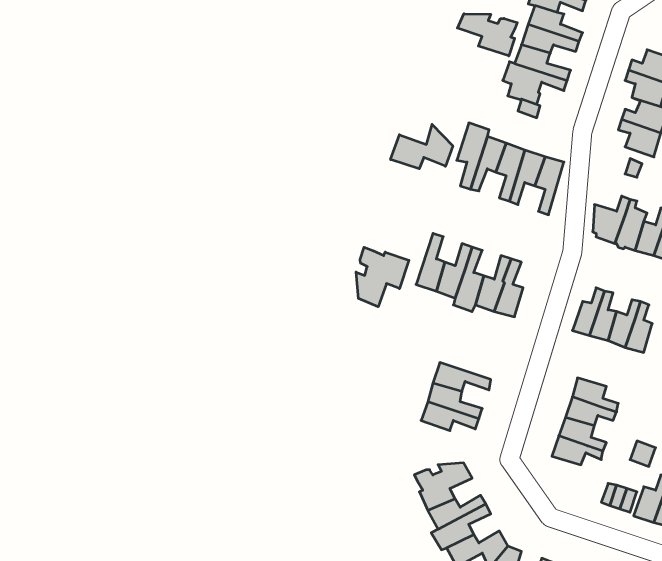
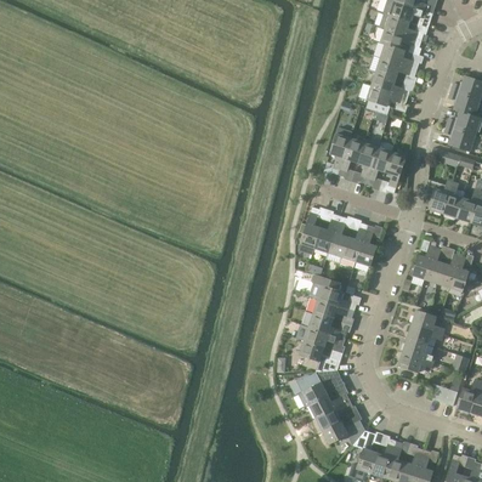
building: [457,14,517,56] -> none
building: [391,124,453,169] -> none
building: [356,247,409,307] -> none
building: none -> [317,277,356,311]
building: none -> [299,340,338,372]

